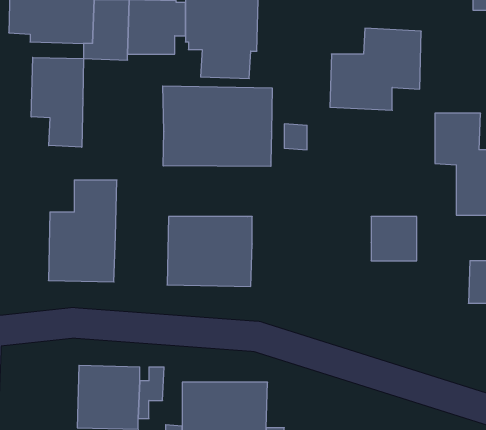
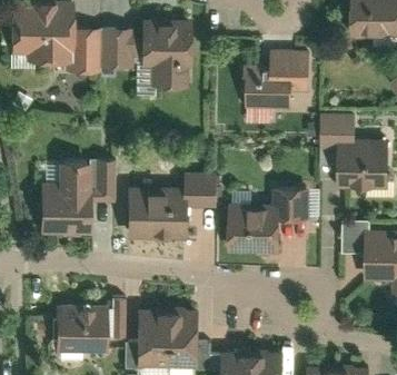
building: [31,57,83,147] -> none
building: [163,86,272,166] -> none
building: none -> [88,161,113,203]
building: none -> [185,171,216,209]
building: none -> [226,206,275,254]

